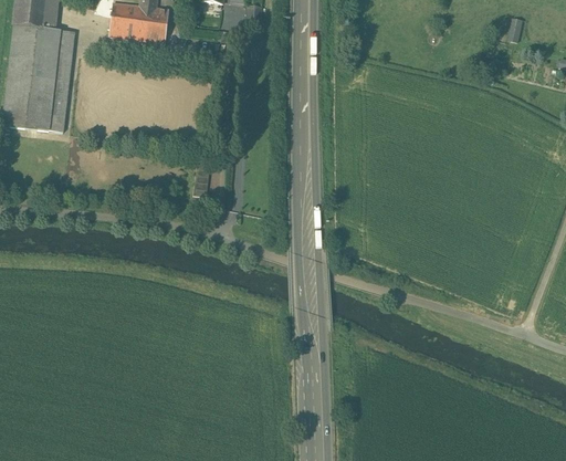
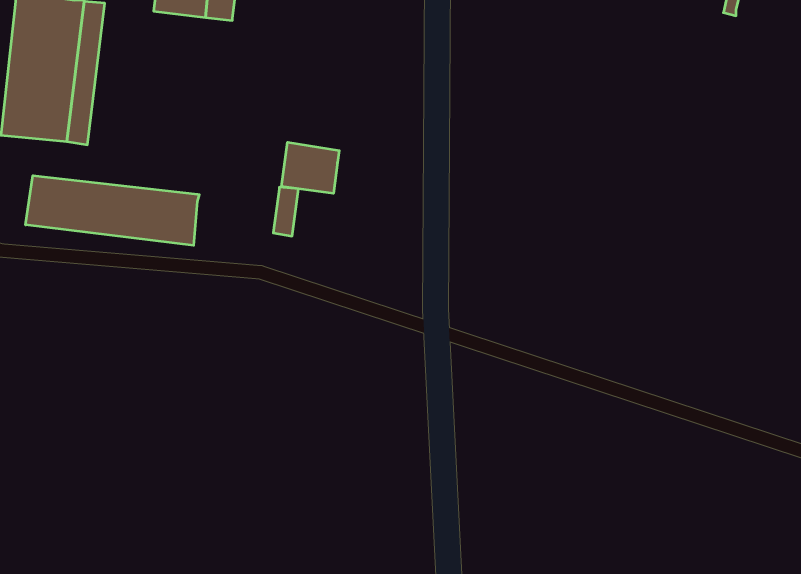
building: none -> [281,142,339,193]
building: none -> [26,176,199,245]

